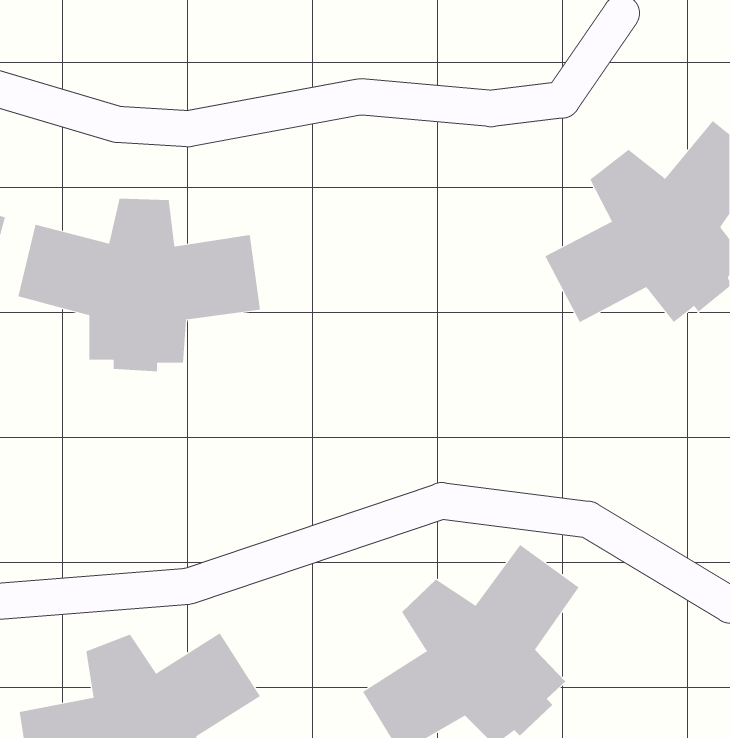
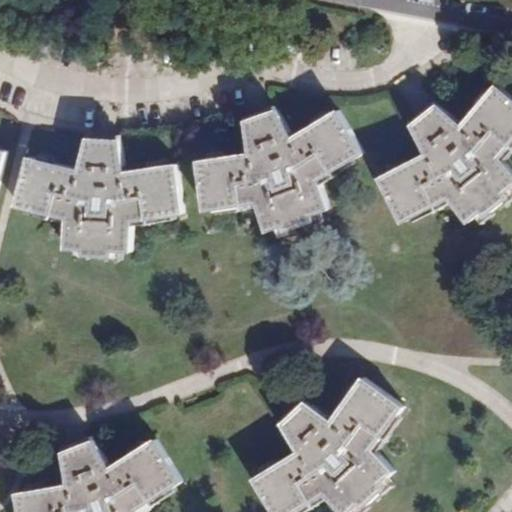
building: none -> [194,109,361,232]

